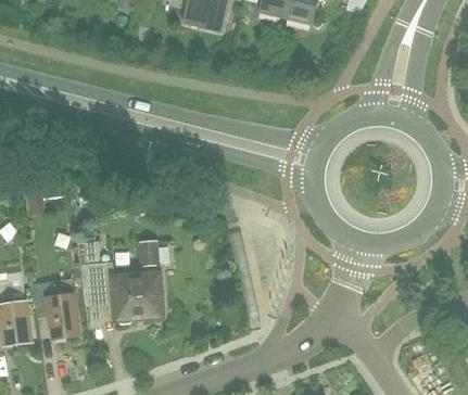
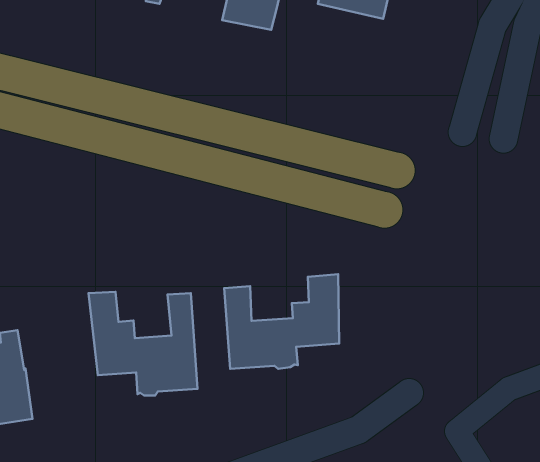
building: none -> [224,274,339,369]
building: [34,280,81,339] -> none

